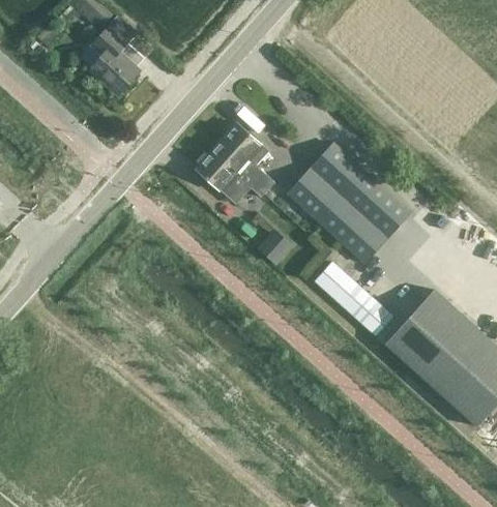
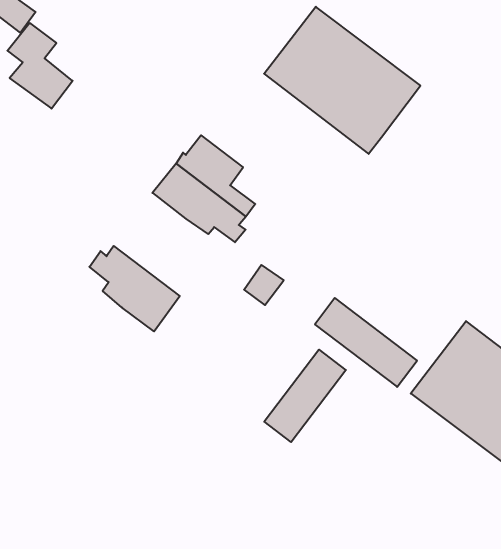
building: [288,143,411,263] -> [264,7,420,154]
building: none -> [89,246,180,331]
building: none -> [264,350,346,442]

